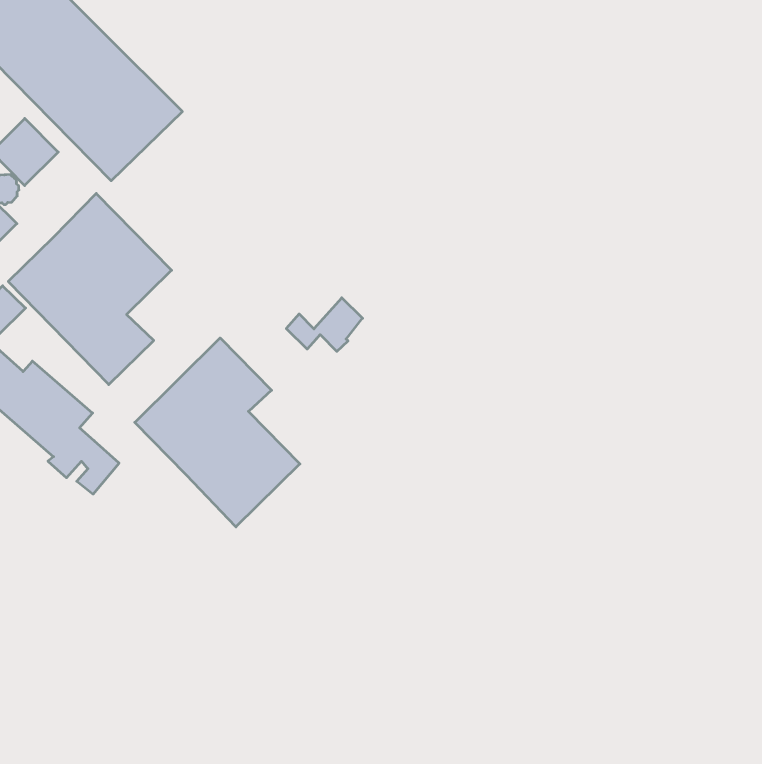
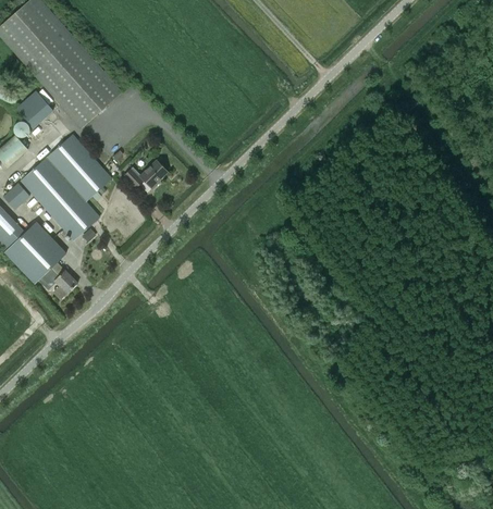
building: [286,298,363,351] -> [125,159,168,188]
building: [135,338,300,527] -> none

